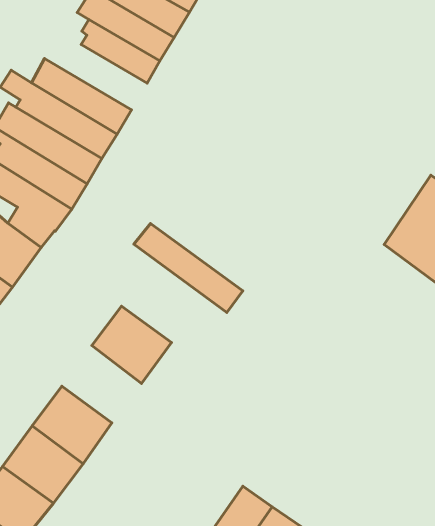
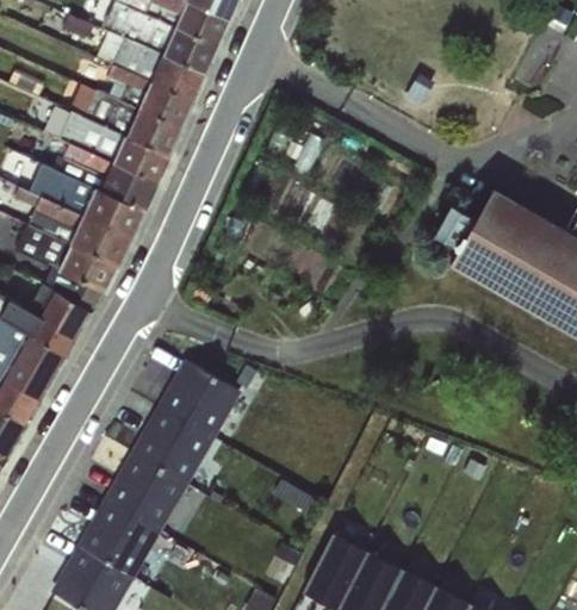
building: none -> [67,83,181,155]
building: [134,223,243,312] -> none
building: none -> [130,407,213,486]

